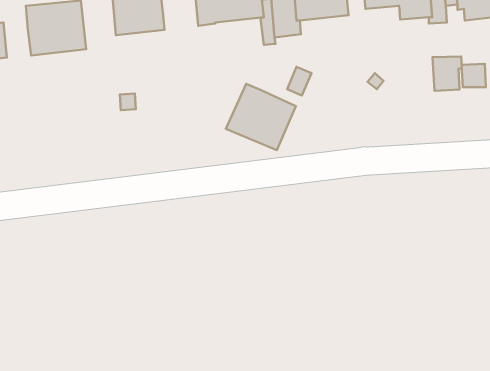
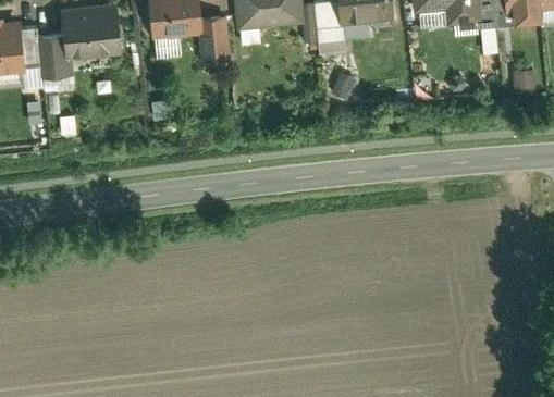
building: none -> [197,18,230,67]
building: none -> [38,36,72,79]
building: [433,57,462,91] -> none
building: [226,84,296,150] -> none

